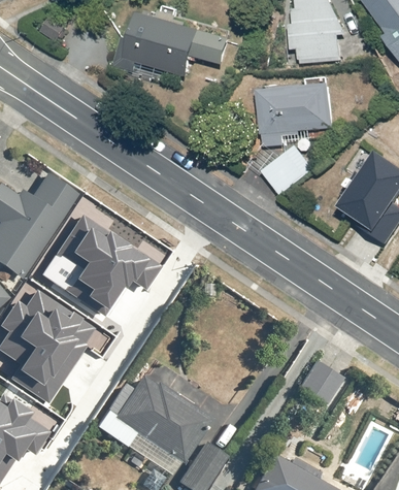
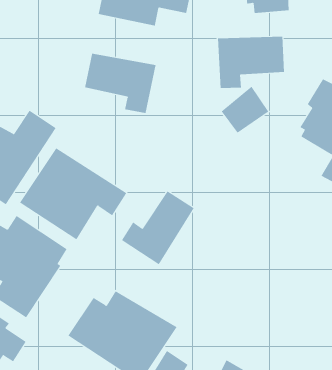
building: none -> [85,53,156,114]
building: none -> [121,191,194,265]
building: [298,361,340,402] -> none

